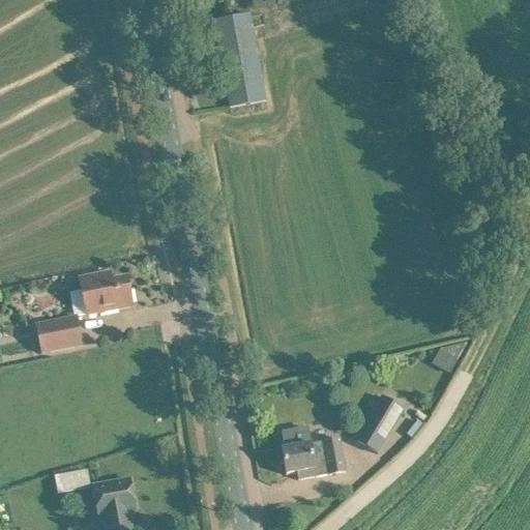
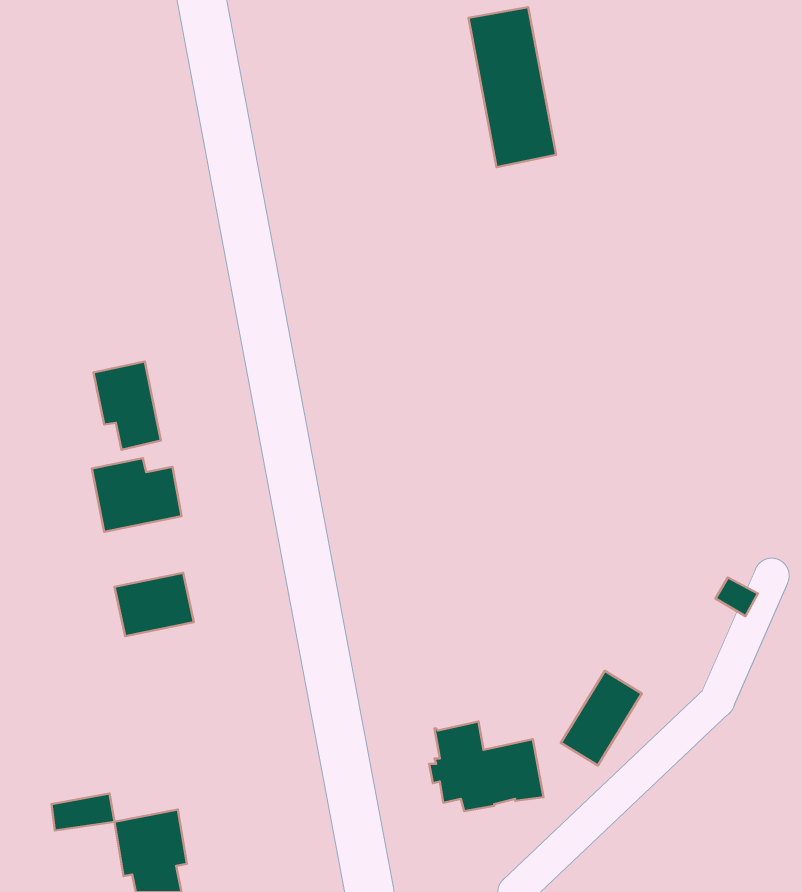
building: [213,11,265,106] -> [468,7,556,167]
building: none -> [94,361,161,450]
building: [35,315,82,352] -> [115,573,194,636]

